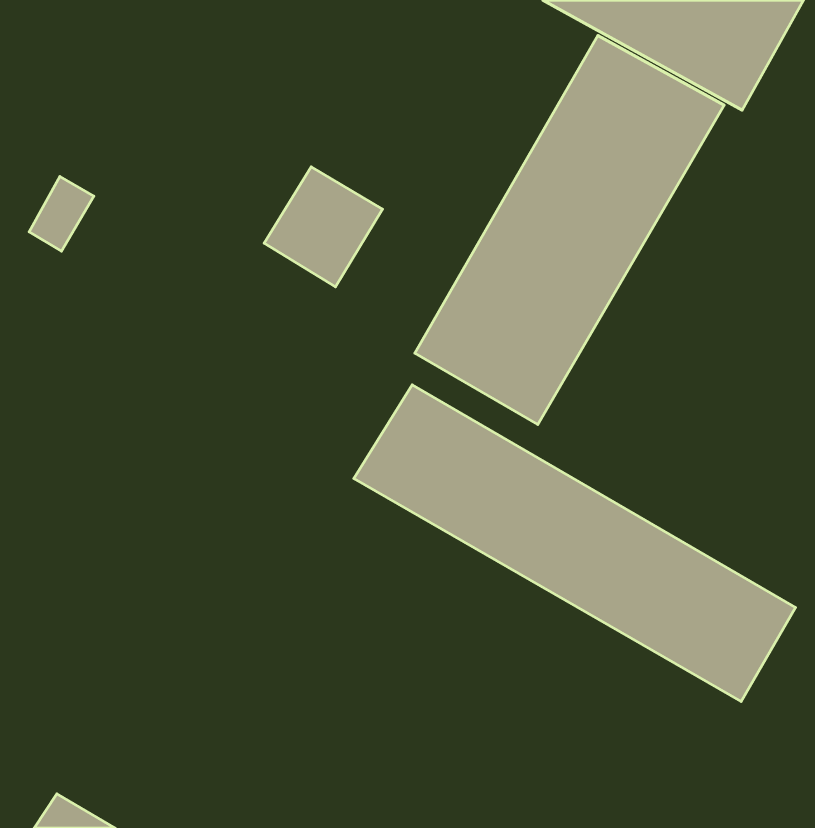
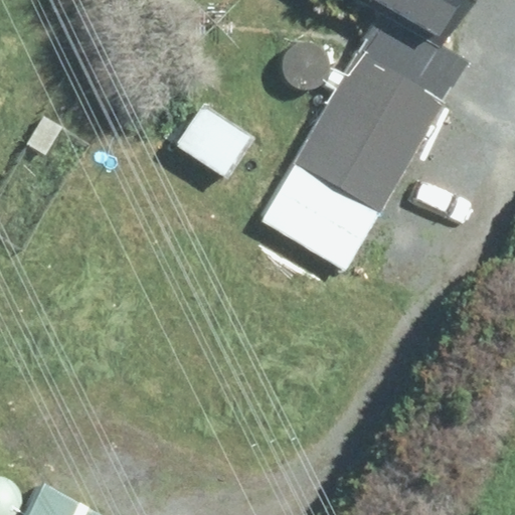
building: [354,385,796,702] -> none

